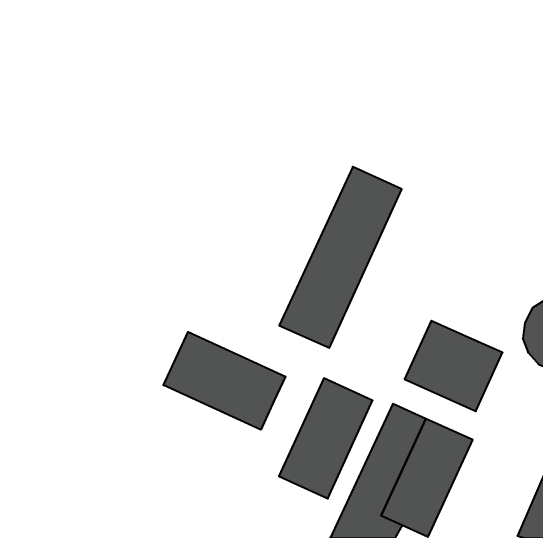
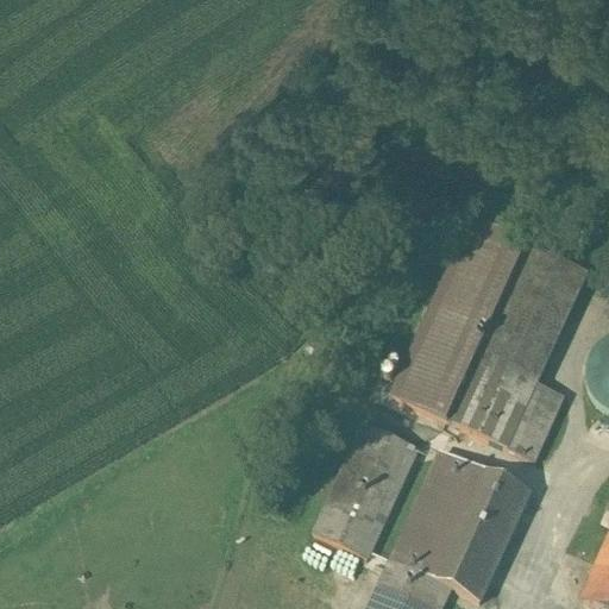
building: [279,167,402,348] -> [391,218,528,420]
building: none -> [483,247,586,382]
building: [163,332,285,430] -> none

